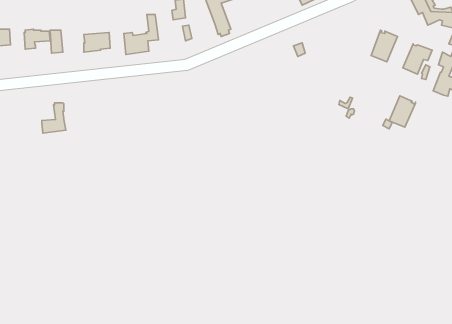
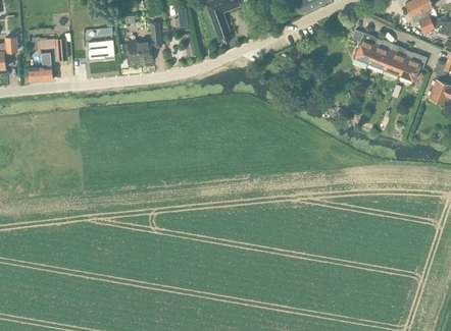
building: none -> [352,30,378,62]
building: [389,96,415,127] -> [384,44,409,74]
building: [42,103,66,133] -> [30,53,53,82]

